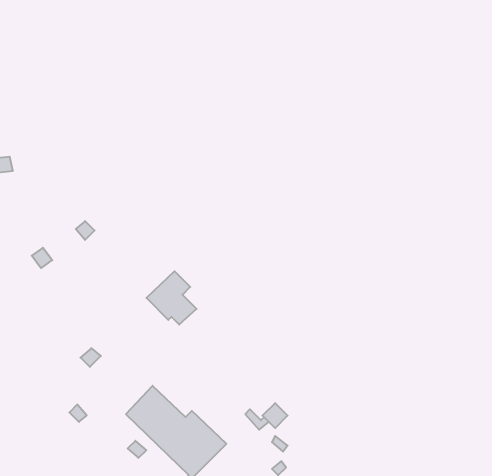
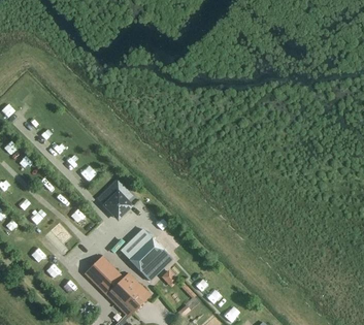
building: none -> [121,229,171,279]

